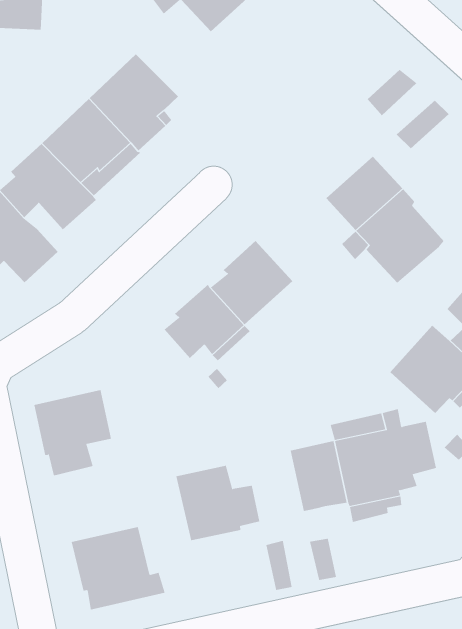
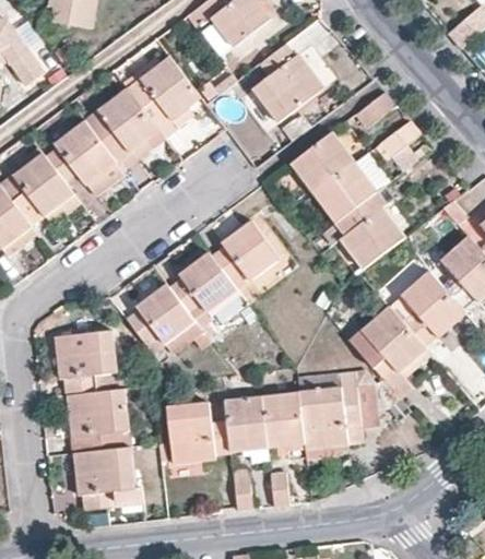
building: none -> [253,44,322,121]
building: none -> [291,132,355,192]
building: none -> [126,283,193,352]
building: none -> [225,396,267,452]
building: none -> [67,389,130,452]

